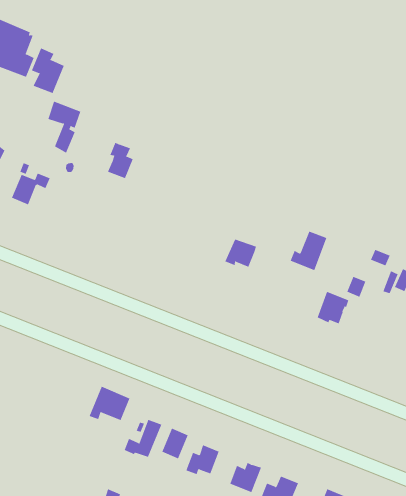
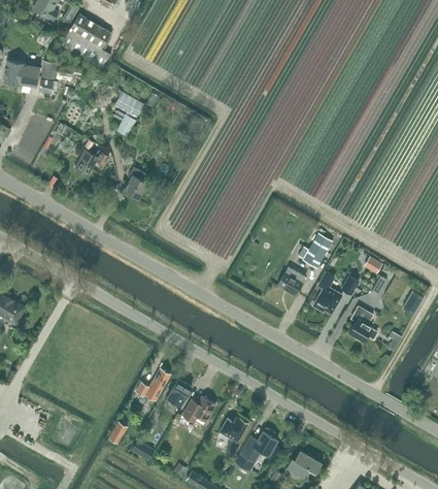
building: [31,48,64,94] -> none
building: [107,142,134,179] -> [123,167,146,199]
building: [224,239,257,268] -> [276,268,305,294]
building: none -> [347,307,375,343]
building: [89,386,130,421] -> none

